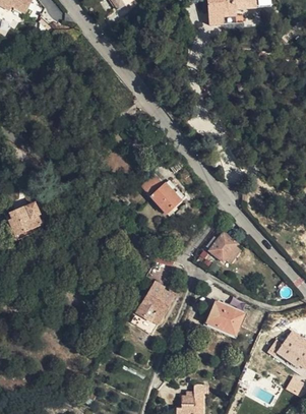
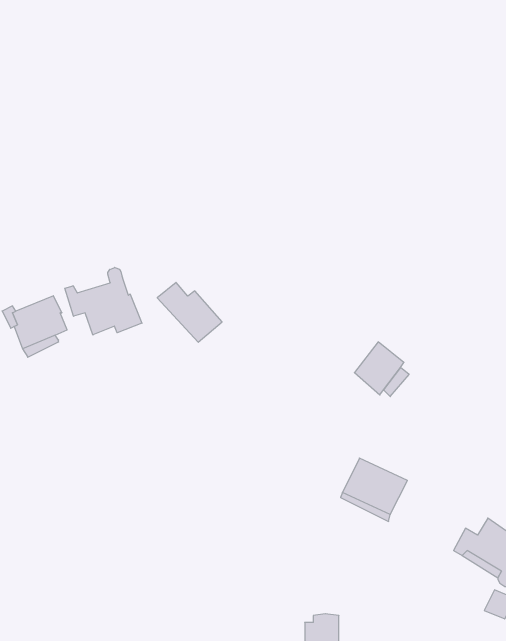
building: [141,175,180,211] -> [157,282,222,342]
building: none -> [65,267,142,335]
building: [137,283,175,323] -> none

